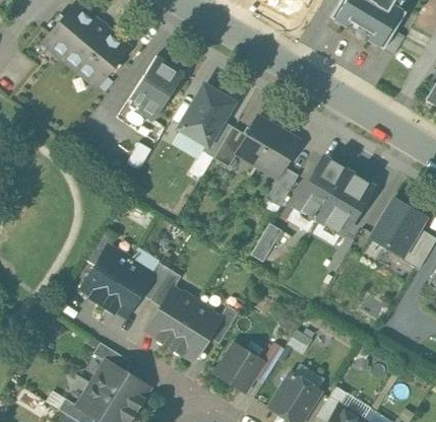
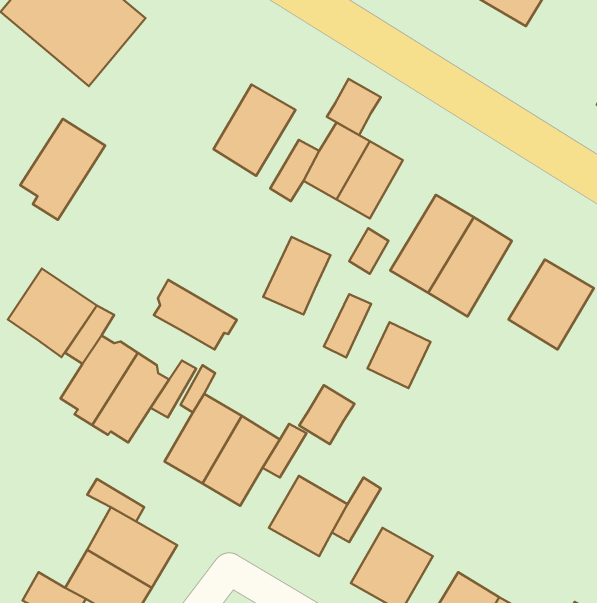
building: [129,57,184,122] -> [20,119,105,220]
building: none -> [327,79,381,135]
building: none -> [263,237,331,314]
building: none -> [8,269,97,357]
building: none -> [154,280,237,349]
building: none -> [368,322,430,388]
building: none -> [299,385,354,444]

